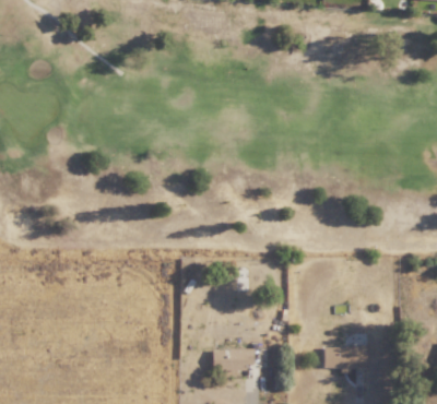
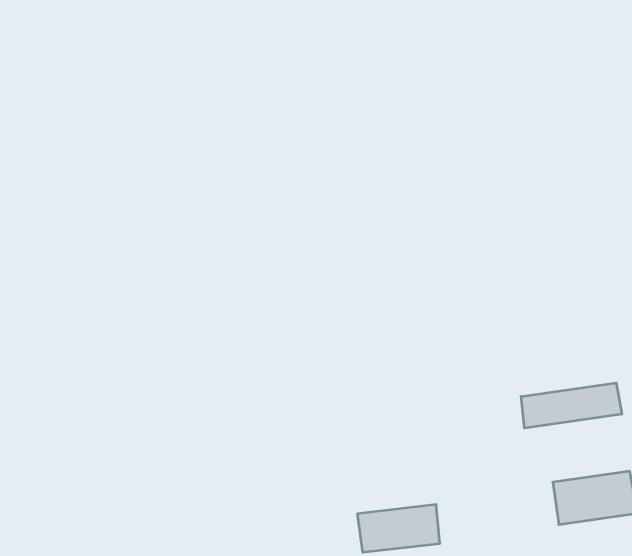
building: none -> [521,383,622,428]

